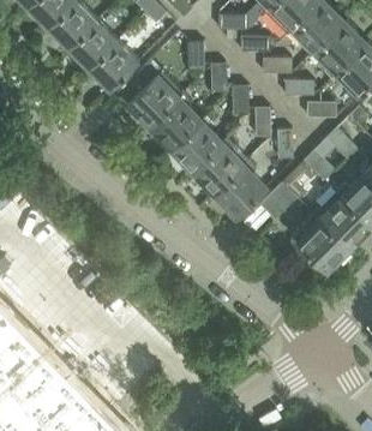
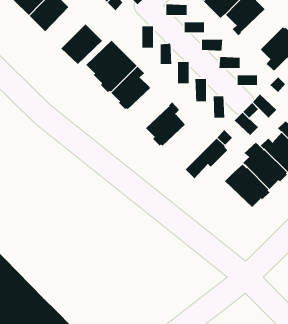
building: [68,19,119,71] -> none
building: [313,22,365,78] -> none
building: [172,114,222,170] -> none
building: [215,160,266,216] -> none

